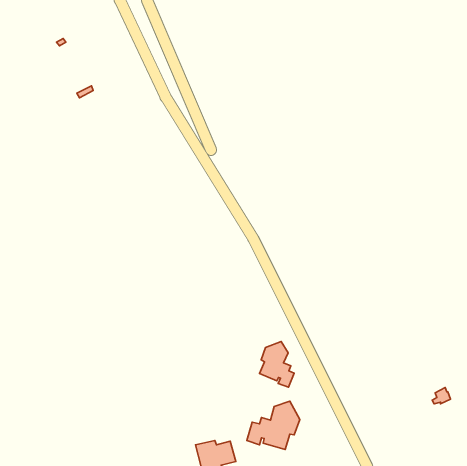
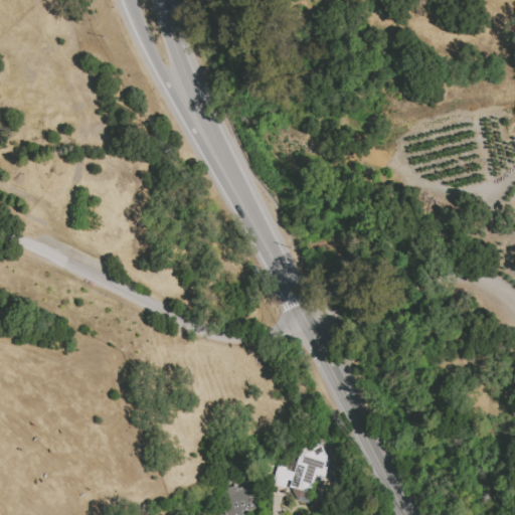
building: [260,341,294,387] -> none

